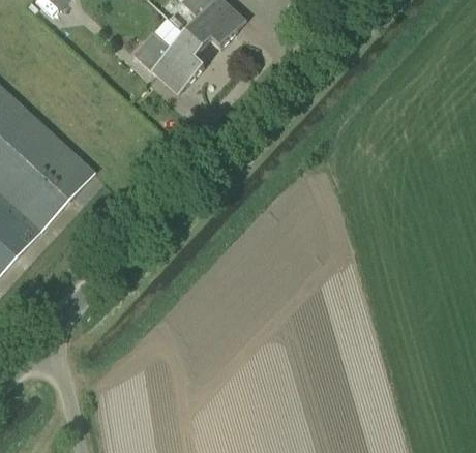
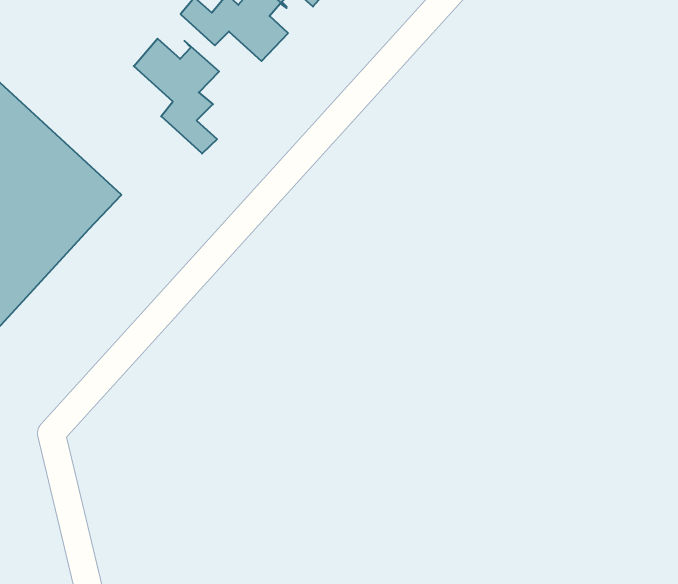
building: none -> [134,39,219,154]

